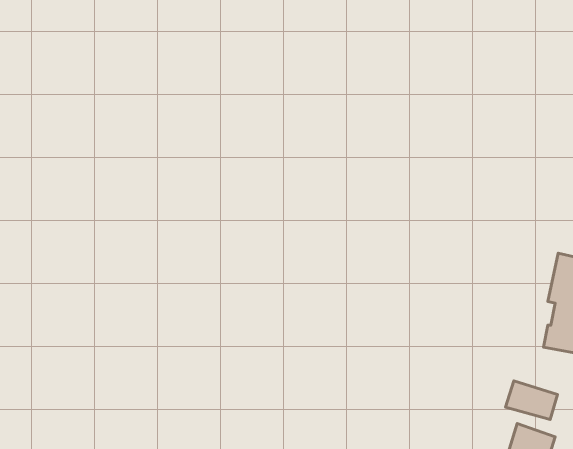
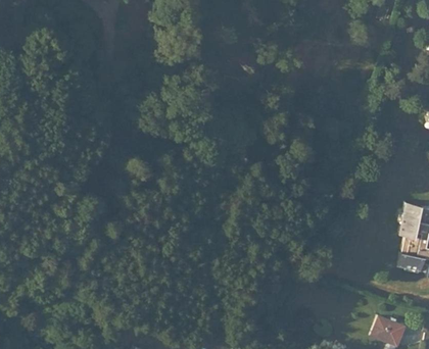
building: [505,381,558,420] -> none

